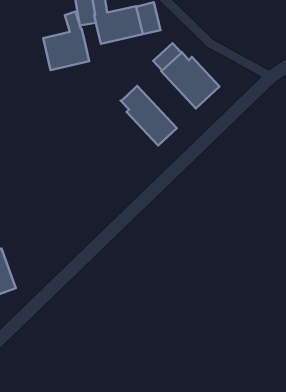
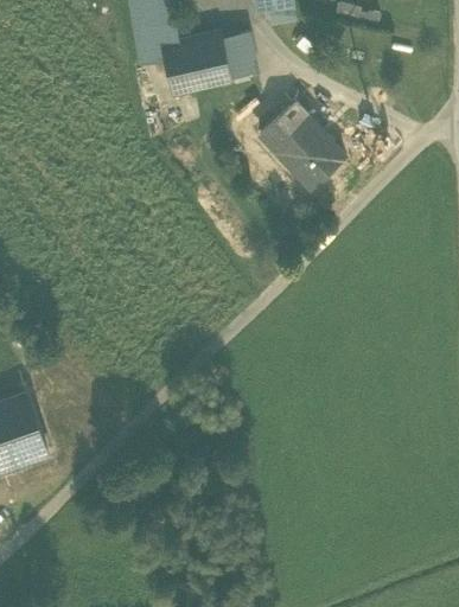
building: [43,11,89,70] -> none
building: [121,86,177,145] -> none

